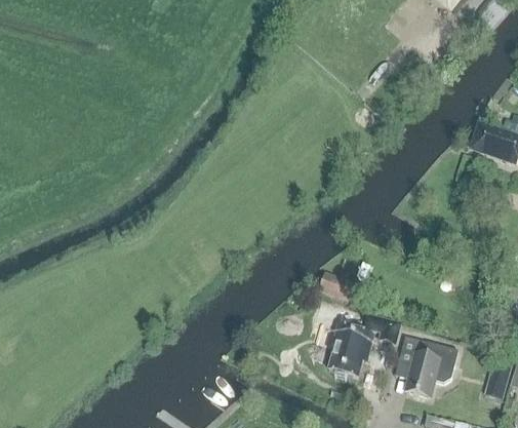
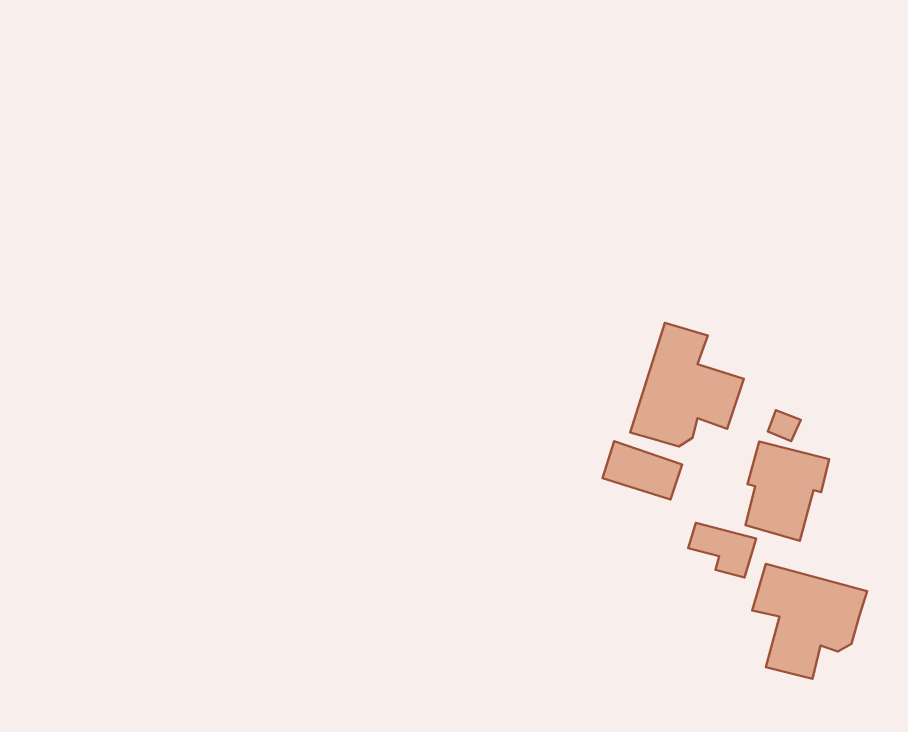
building: none -> [630,323,744,446]
building: [327,325,371,378] -> [745,441,829,541]

